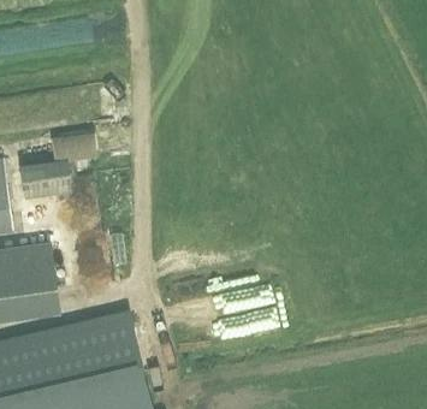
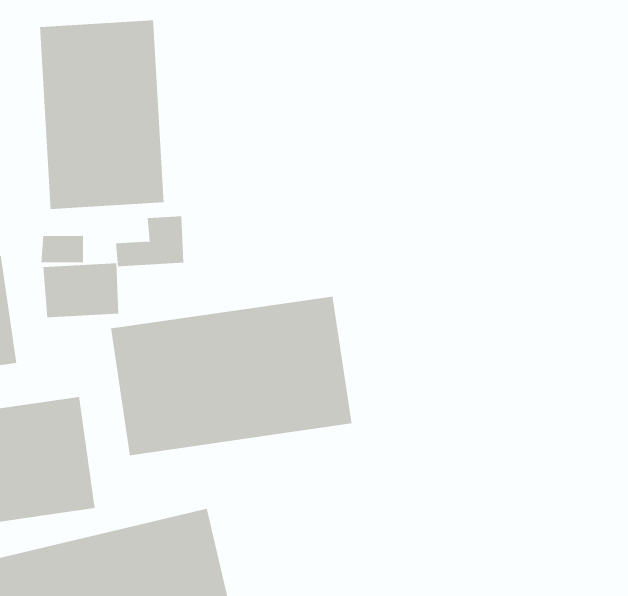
building: none -> [39,19,164,210]
building: none -> [111,296,352,456]

